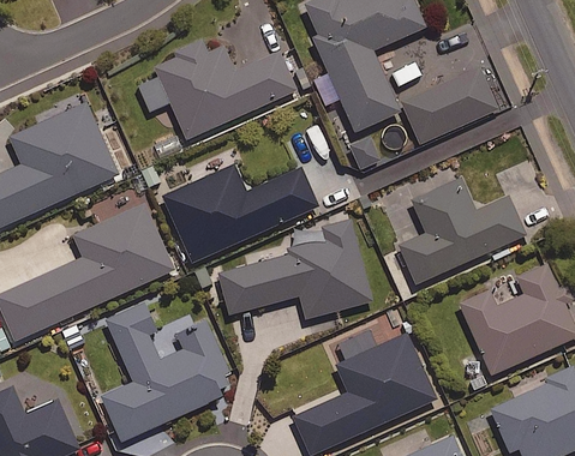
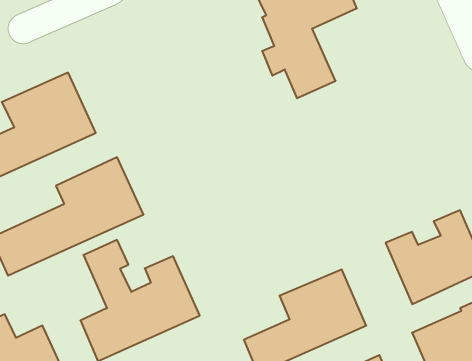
building: [155,40,297,138] -> none
building: [401,64,505,143] -> none
building: [161,163,318,262] -> none
building: [397,178,526,283] -> none
building: [217,215,373,319] -> none

